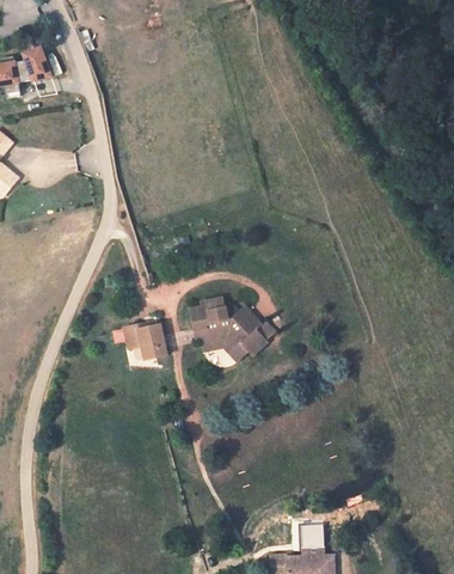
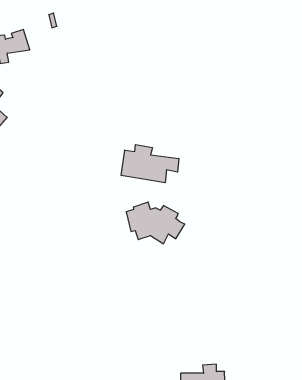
building: none -> [121,145,179,183]
building: [125,331,170,368] -> none

